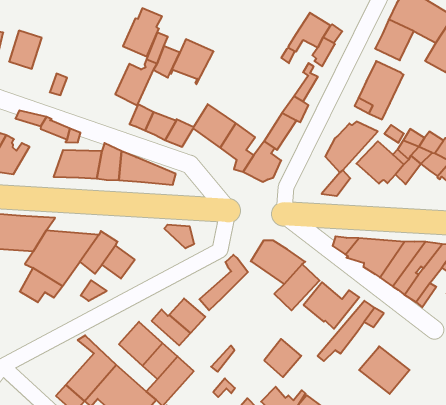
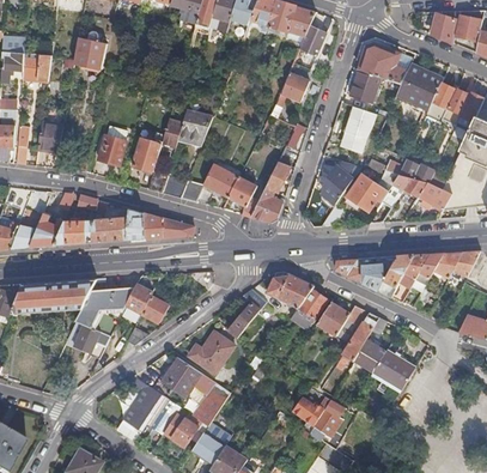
building: [123,8,162,57] -> [97,125,127,165]
building: none -> [54,217,93,244]
building: [264,339,301,377] -> [354,339,385,371]

